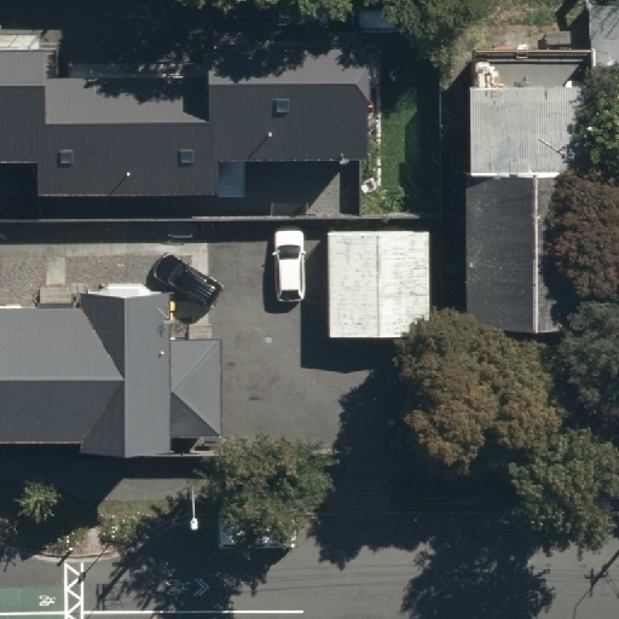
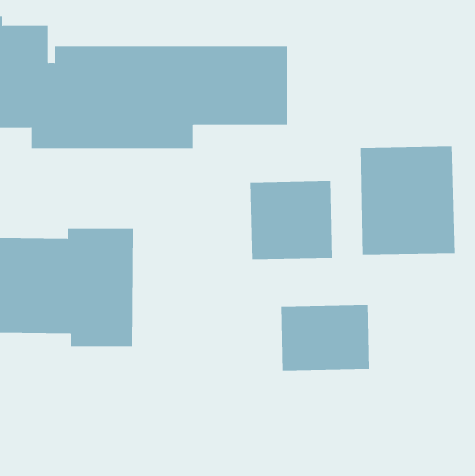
building: [457,70,579,180] -> none
building: none -> [281,304,369,372]

